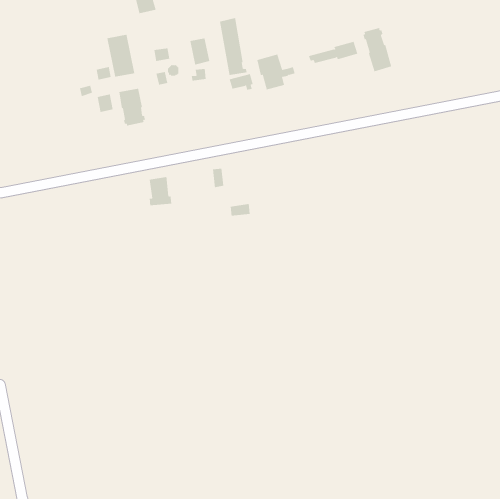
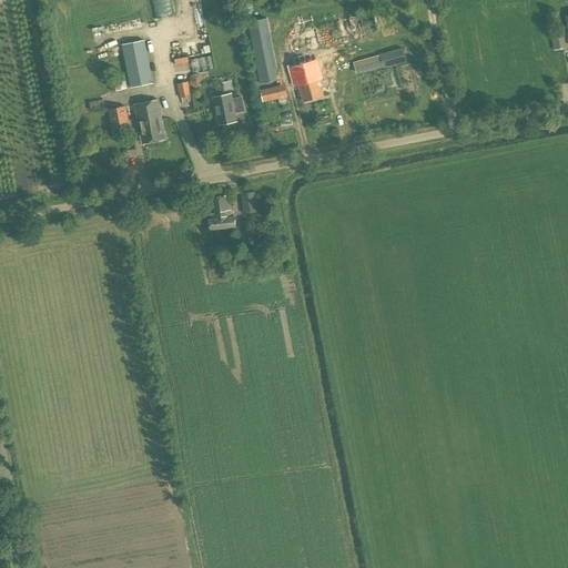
building: [363,27,392,72] -> none
building: [190,38,210,65] -> [213,93,236,124]
building: [149,177,172,206] -> [209,195,235,229]

